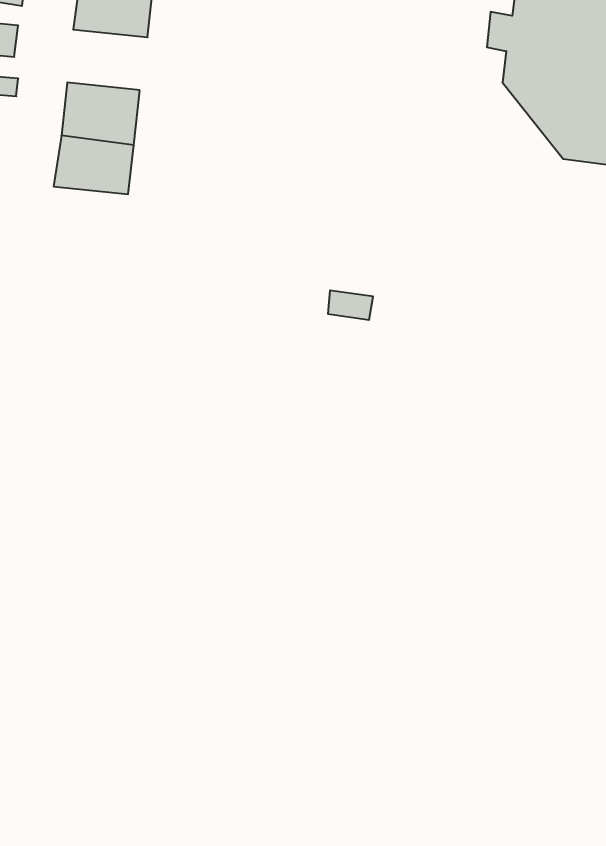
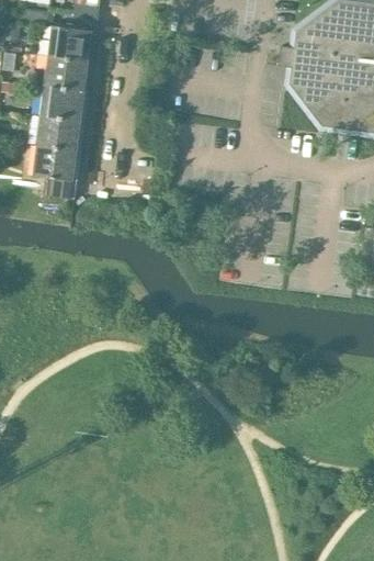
building: none -> [44,55,89,89]
building: none -> [33,143,78,197]

